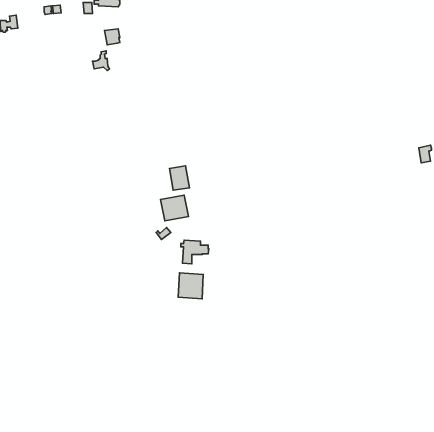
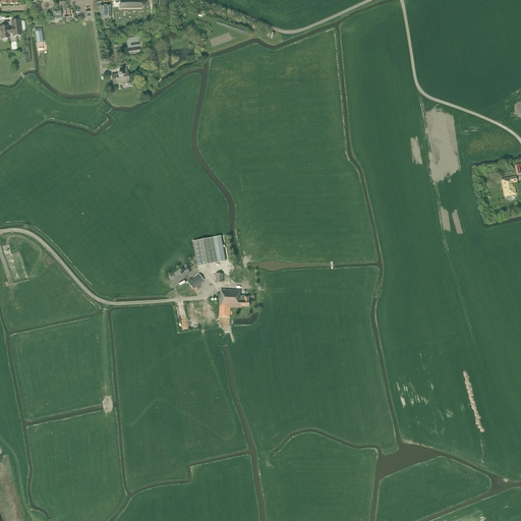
building: [169,166,189,190] -> none
building: [178,273,203,299] -> none

